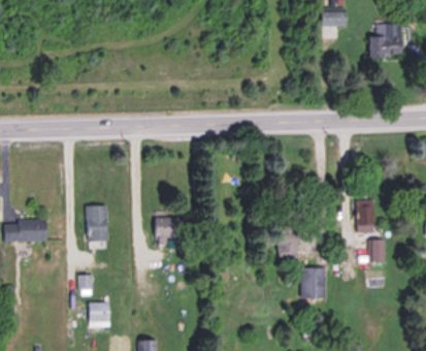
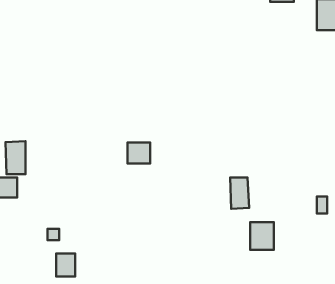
building: [356,200,373,231] -> none
building: [86,205,107,242] -> [5,141,25,174]
building: [155,218,179,241] -> [127,143,150,163]

